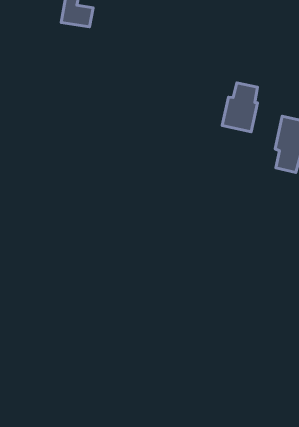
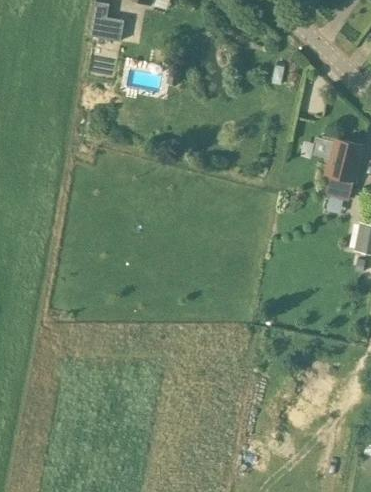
building: [222,83,258,132] -> none

